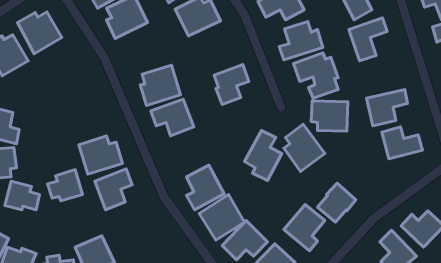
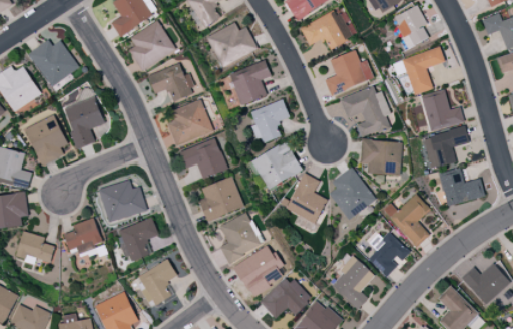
building: none -> [229,61,271,105]
building: none -> [147,63,193,101]
building: none -> [62,87,103,148]
building: none -> [421,92,463,131]
building: none -> [25,115,67,166]
building: none -> [250,141,302,190]
building: none -> [198,177,243,222]
building: none -> [382,194,430,247]
building: none -> [135,259,177,307]

